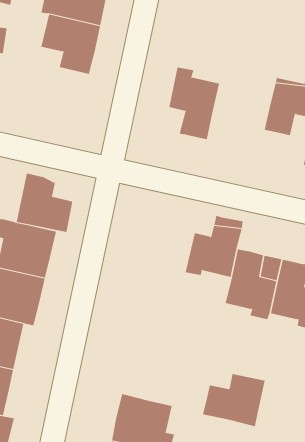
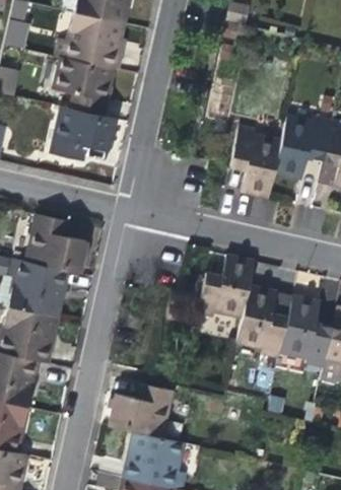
building: none -> [50,107,113,160]
building: [169,67,220,140] -> [229,127,280,199]
building: [202,373,266,427] -> [109,386,172,438]

